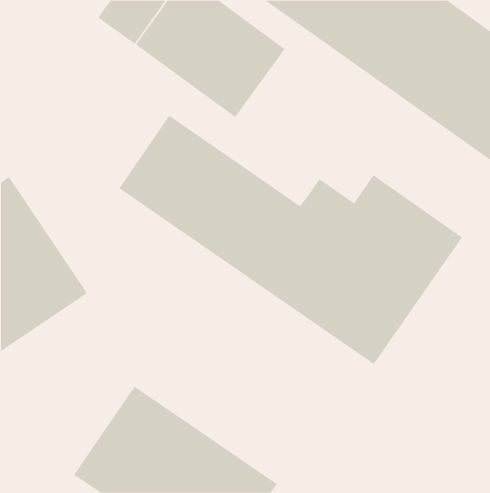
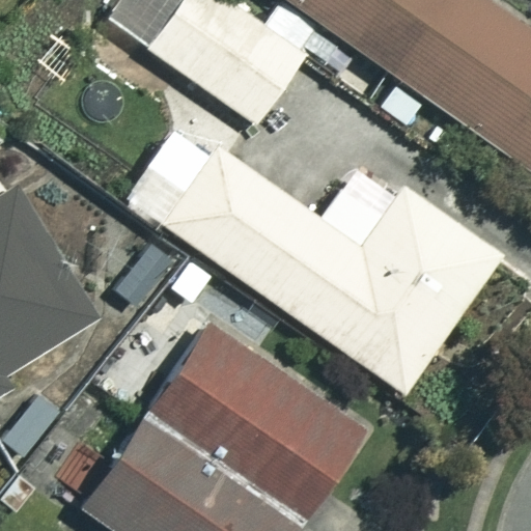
building: none -> [147,325,363,521]

